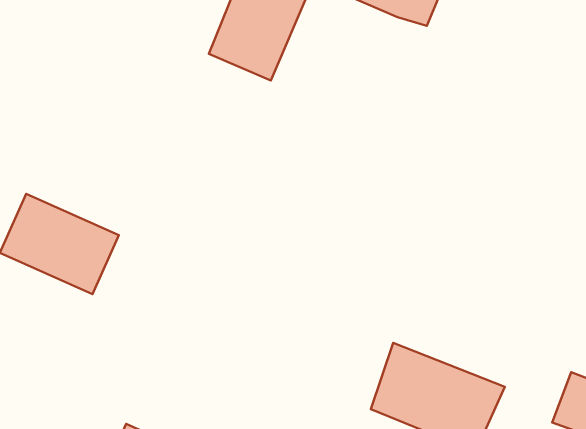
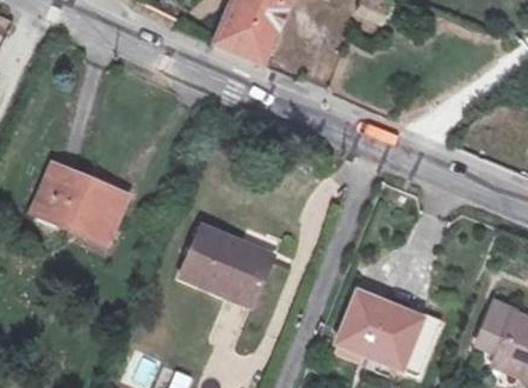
building: none -> [187,227,280,308]

